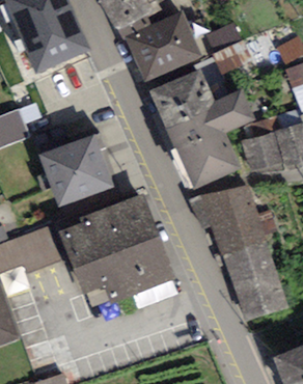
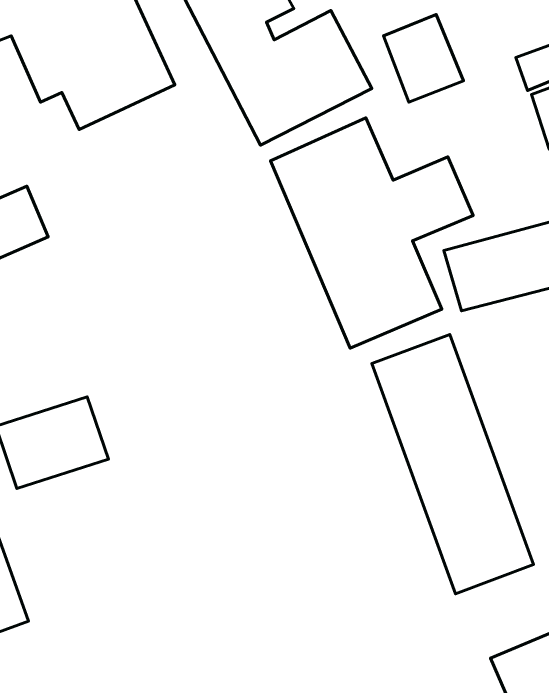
building: [37,139,110,209] -> none
building: [62,193,172,298] -> none

